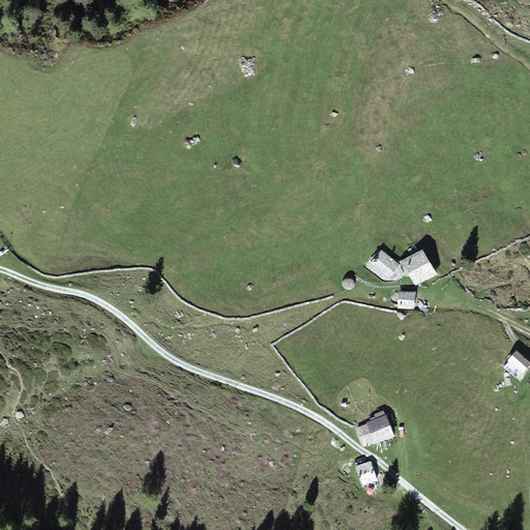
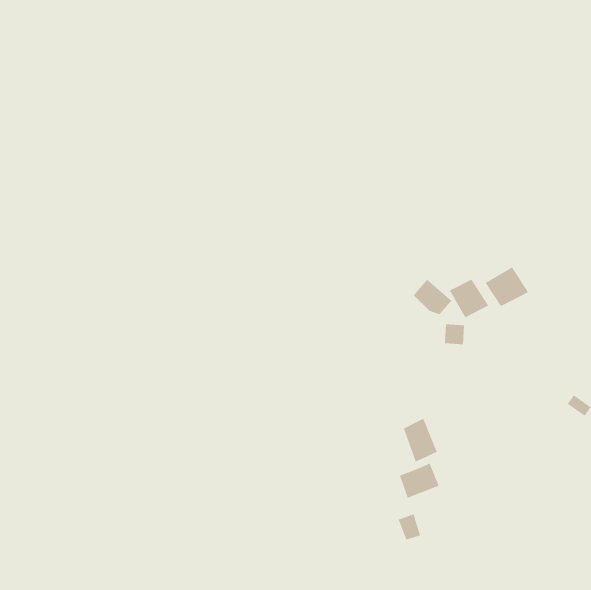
building: none -> [485,267,529,307]
building: none -> [403,418,437,463]

